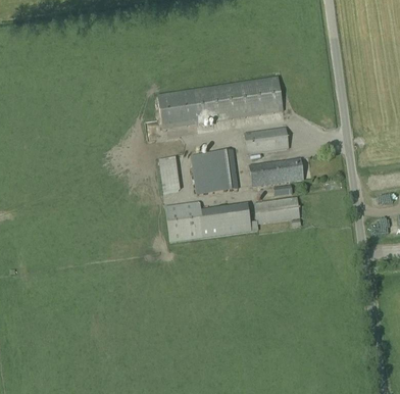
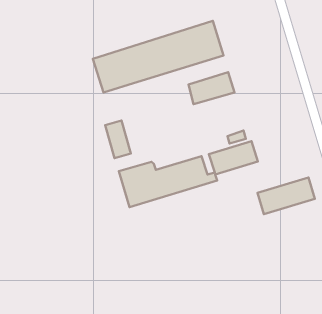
building: [191,149,238,193] -> none
building: [249,157,303,186] -> [257,177,315,214]

